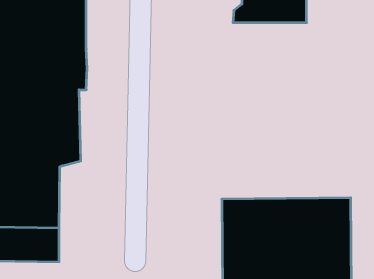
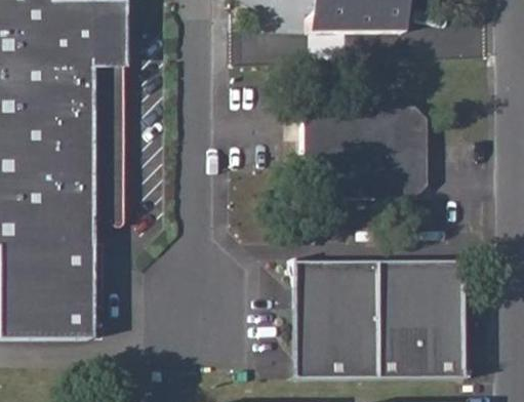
building: none -> [304,105,428,197]

